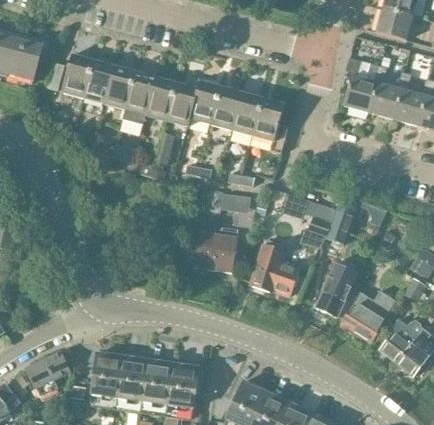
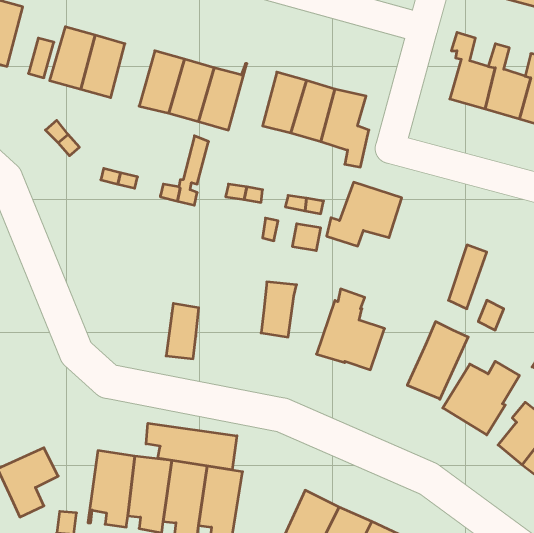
building: [105,66,136,110] -> none
building: [188,80,222,127] -> none
building: [298,203,351,248] -> [327,182,402,246]
building: [192,231,215,270] -> [166,303,199,359]
building: none -> [146,423,237,470]

